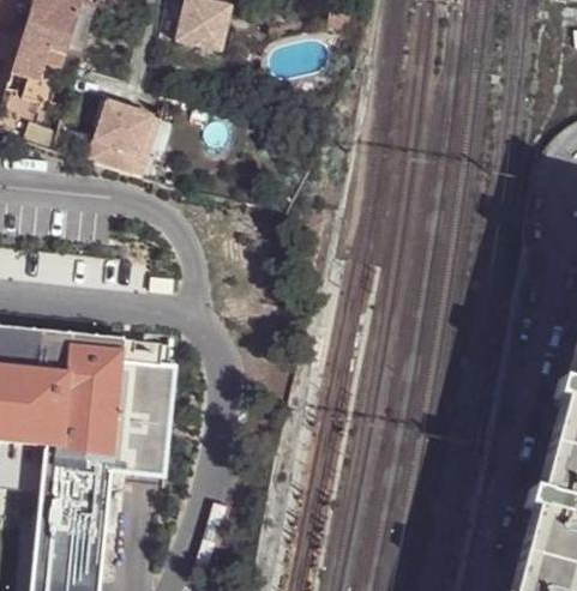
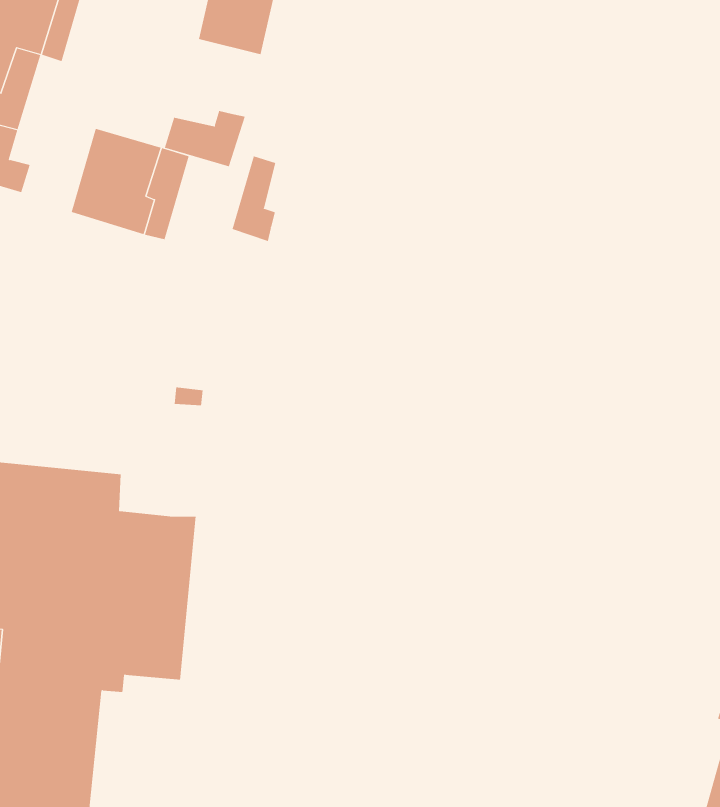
building: none -> [164,110,246,167]
building: none -> [232,155,276,242]

